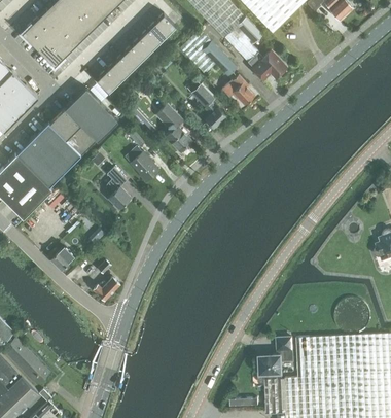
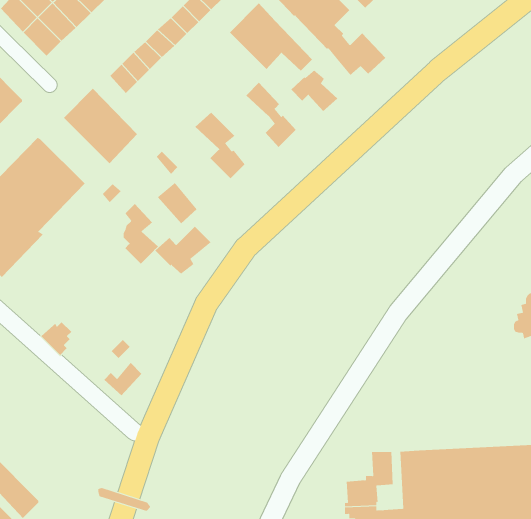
building: [50,108,98,154] -> none
building: none -> [155,226,211,275]

